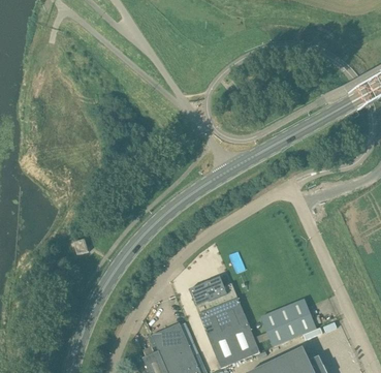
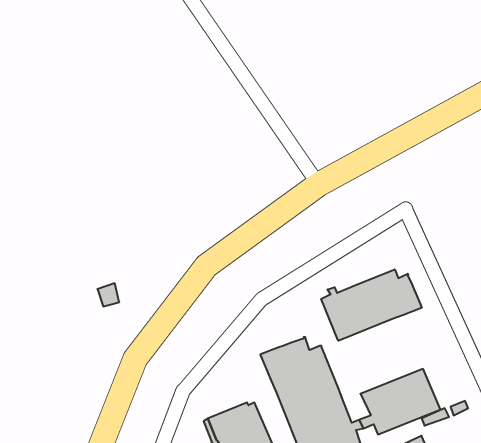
building: none -> [321,269,422,341]

